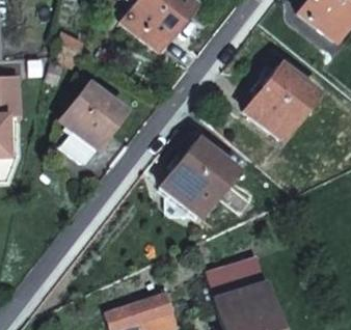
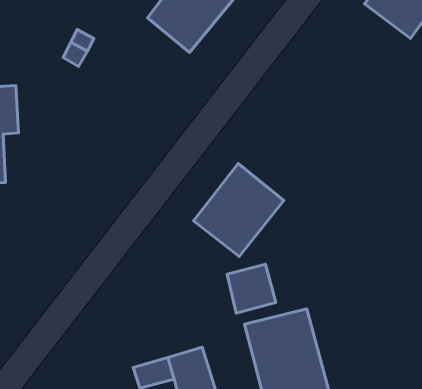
building: [244,63,316,138] -> none
building: [57,81,125,163] -> none
building: none -> [227,264,276,313]

